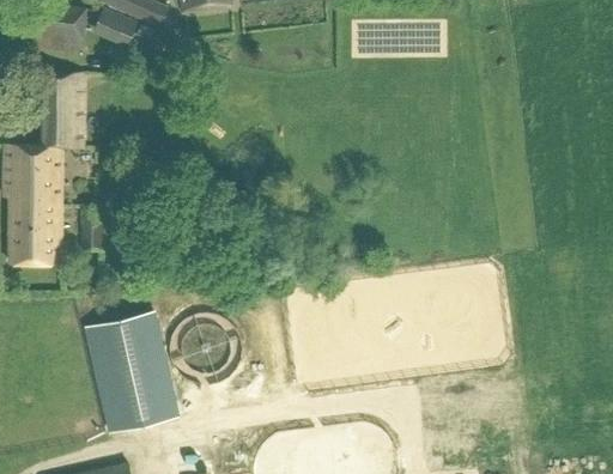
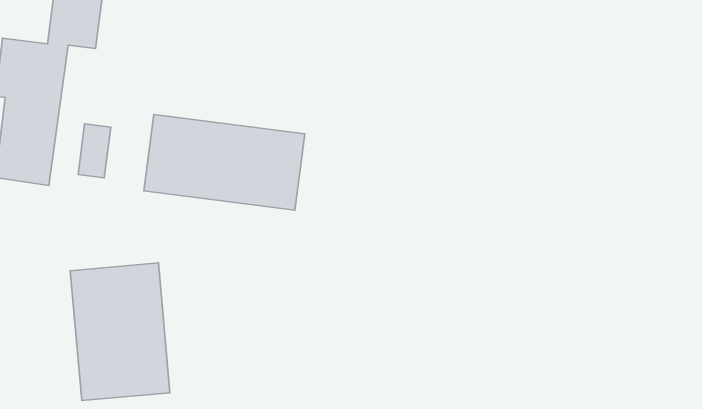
building: none -> [144,115,305,210]

